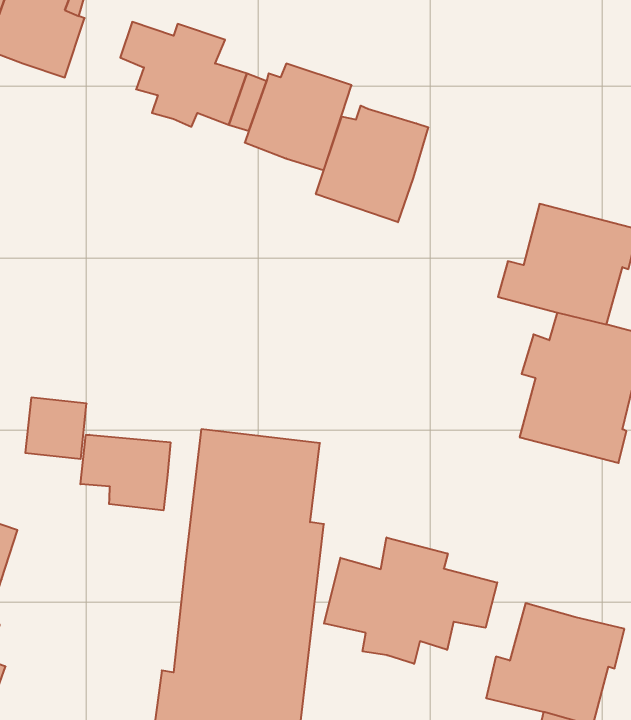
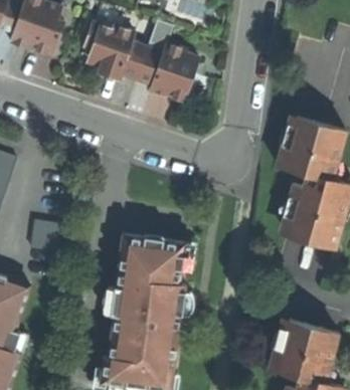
building: [316,106,428,222] -> none
building: [80,435,170,510] -> none
building: [324,537,497,664] -> none

